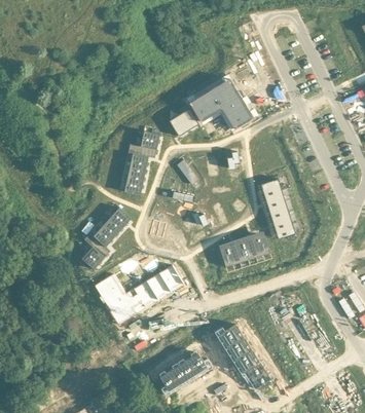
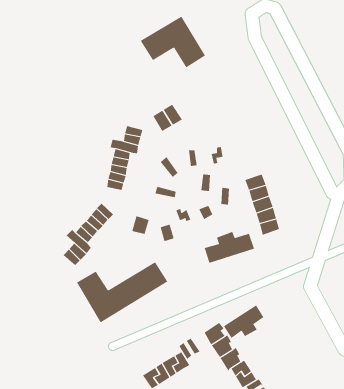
building: [188,78,253,129] -> [140,16,206,68]
building: none -> [223,304,264,339]

